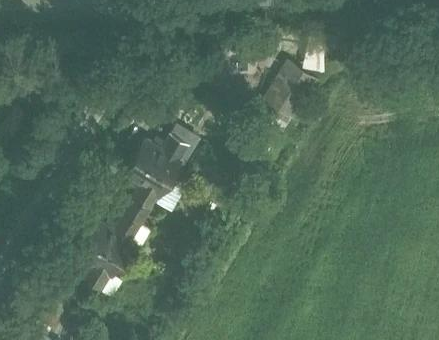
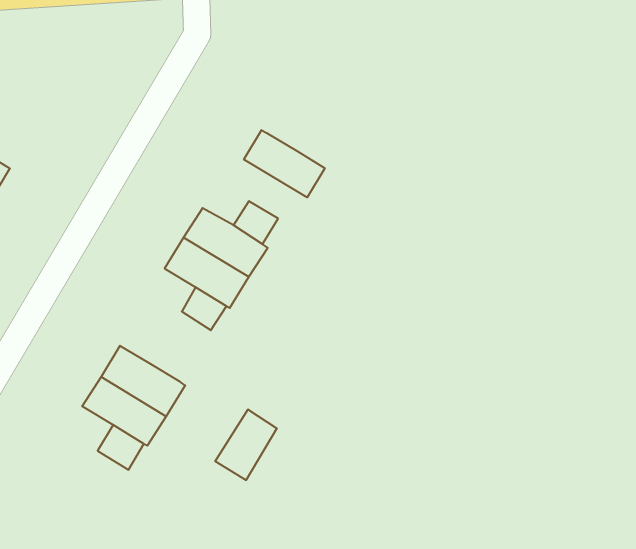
building: [263,60,315,117] -> none
building: none -> [244,130,325,197]
building: [112,197,148,238] -> [215,410,277,480]

